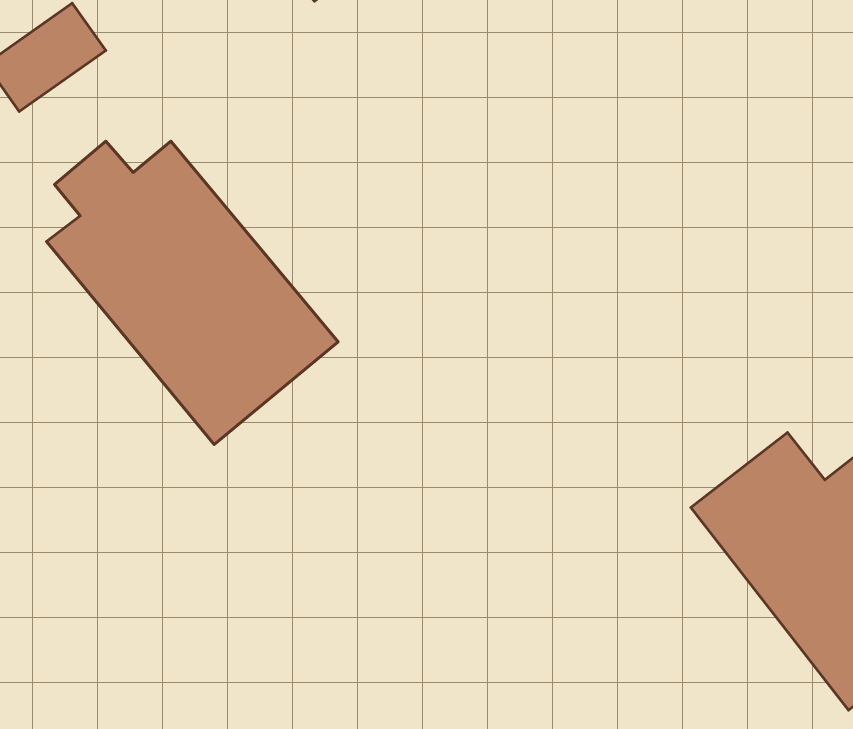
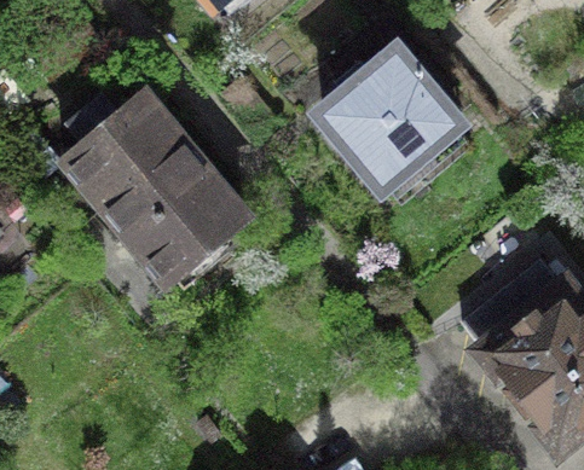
building: none -> [324,54,456,188]

